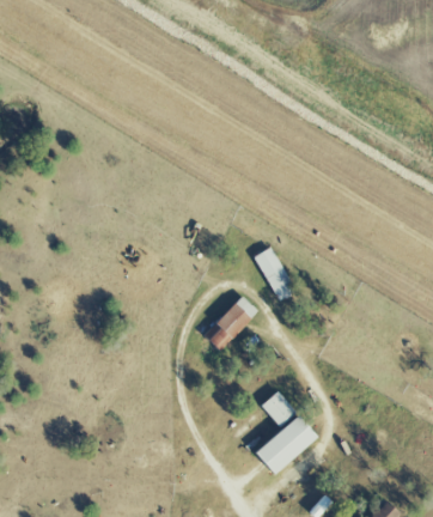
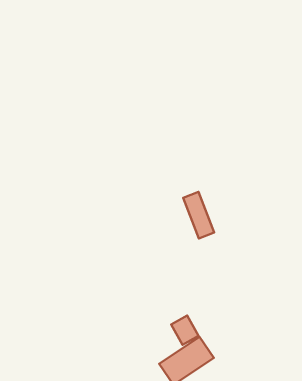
building: [207,294,258,351] -> none

